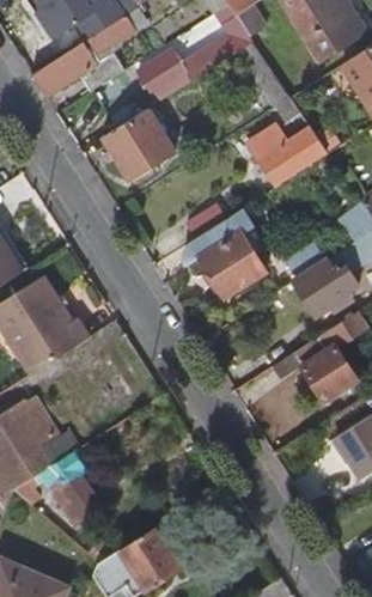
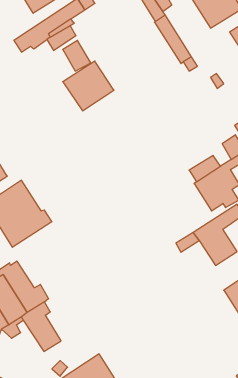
building: [136,43,217,96] -> none
building: [240,117,324,188] -> none
building: [185,211,263,297] -> none

